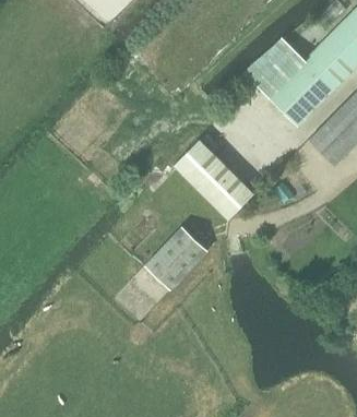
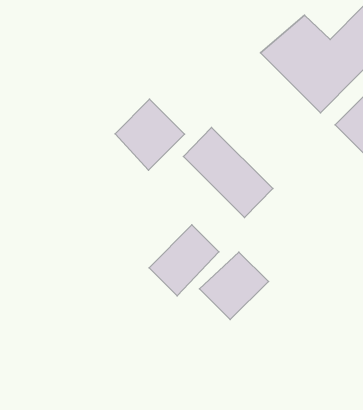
building: none -> [115,99,184,170]
building: none -> [199,252,268,320]

